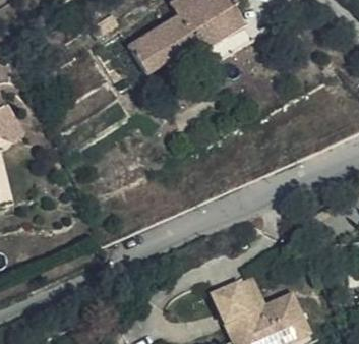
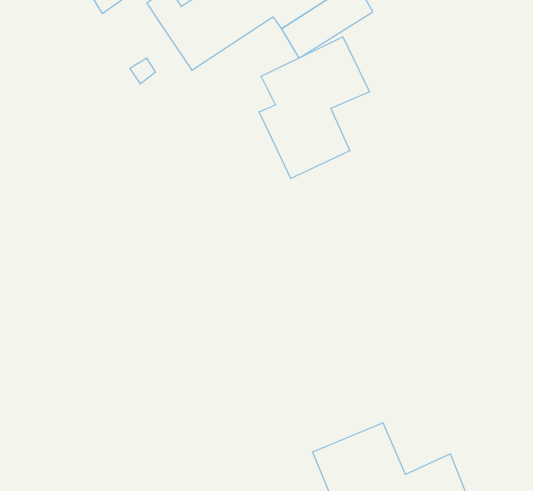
building: none -> [259,37,370,179]

